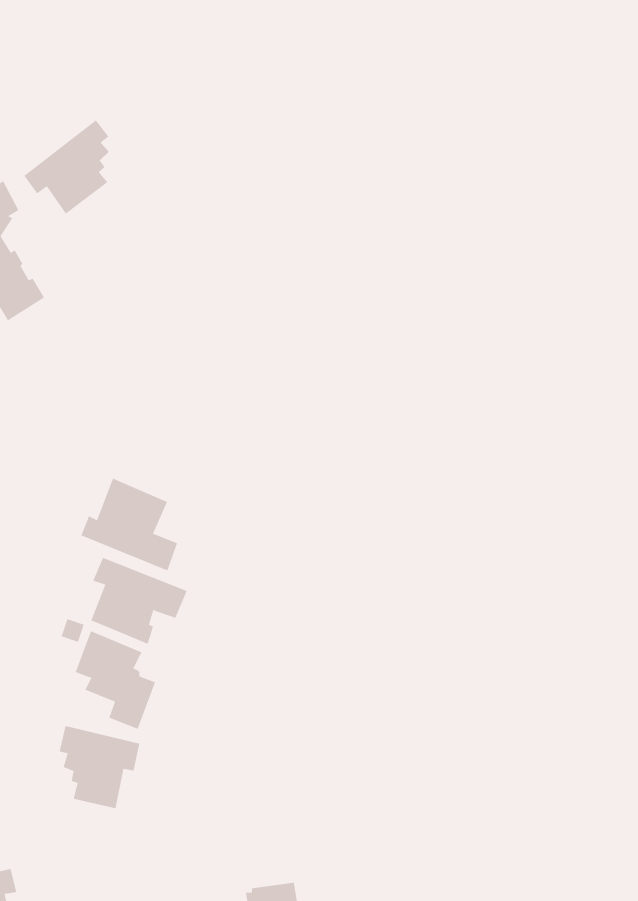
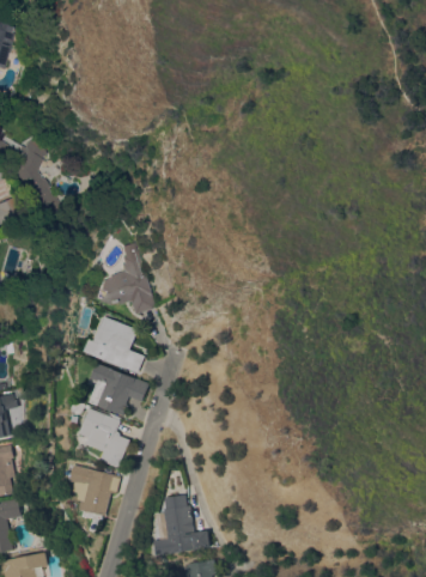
building: [23,120,109,215] -> none
building: none -> [96,242,154,315]
building: none -> [160,494,209,554]

